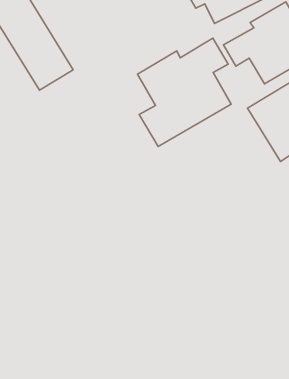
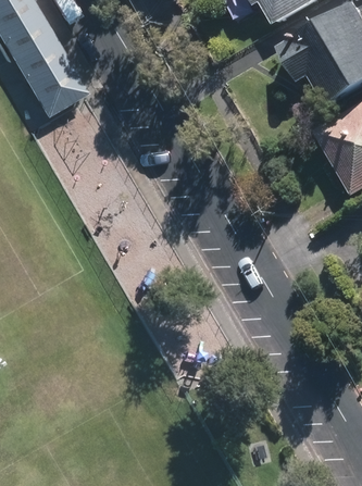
building: [138,38,231,146] -> none

